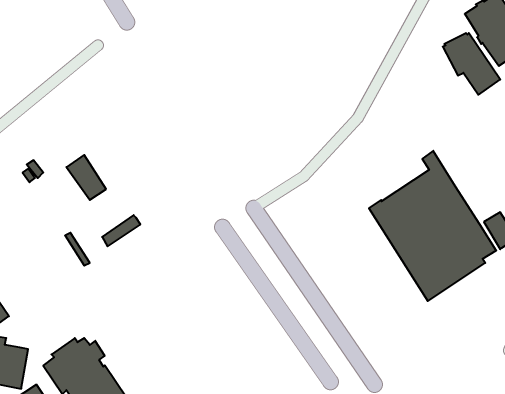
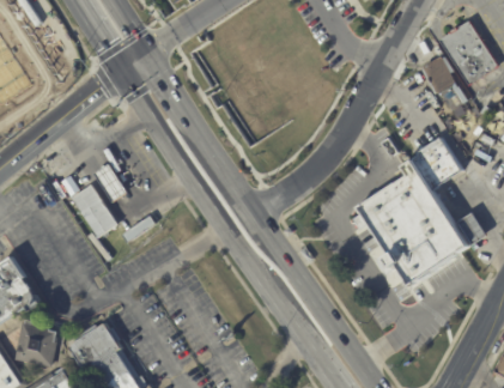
building: none -> [412,139,459,187]
building: none -> [72,186,115,231]

